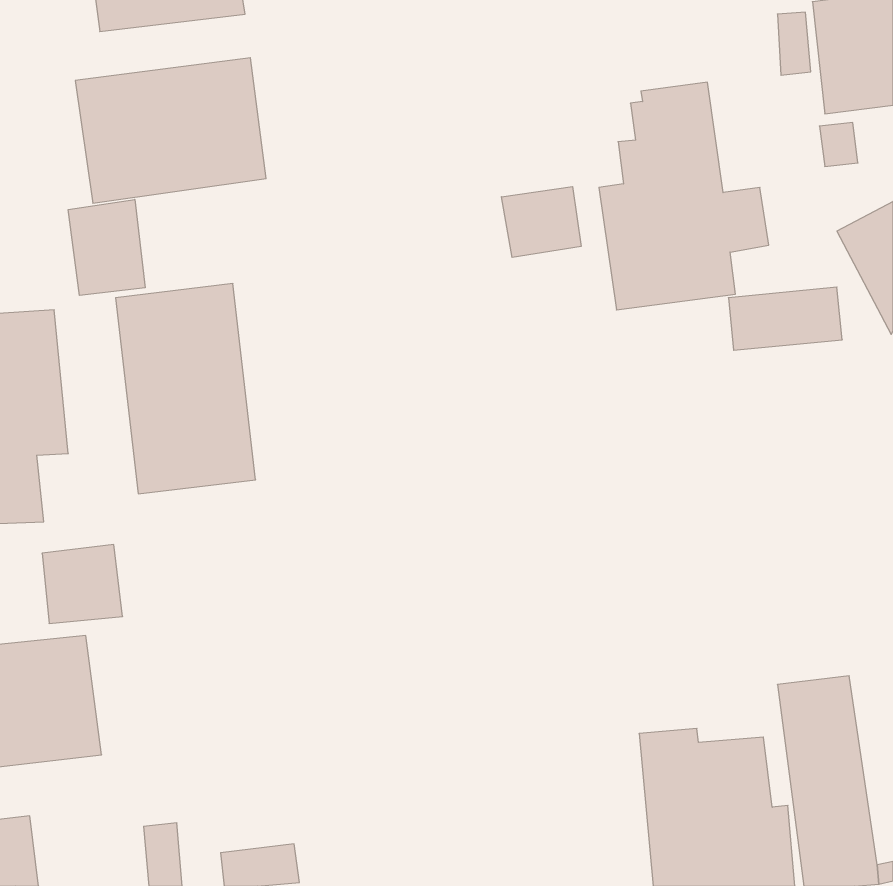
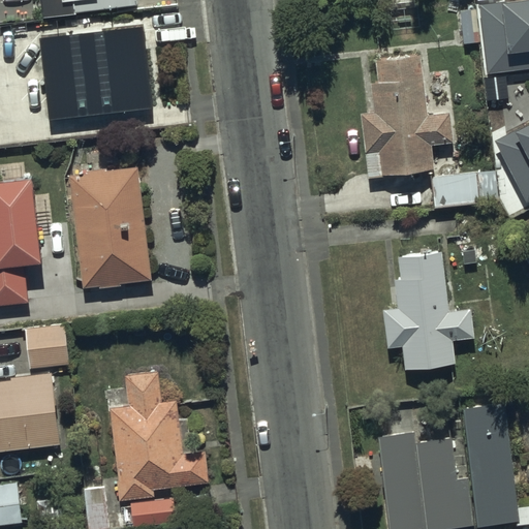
building: [501,187,581,257] -> none
building: [68,199,145,295] -> none
building: none -> [382,250,472,371]
building: none -> [112,375,213,501]

